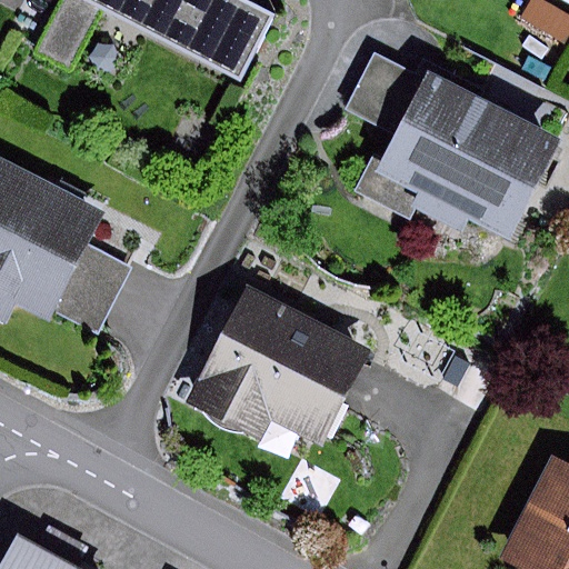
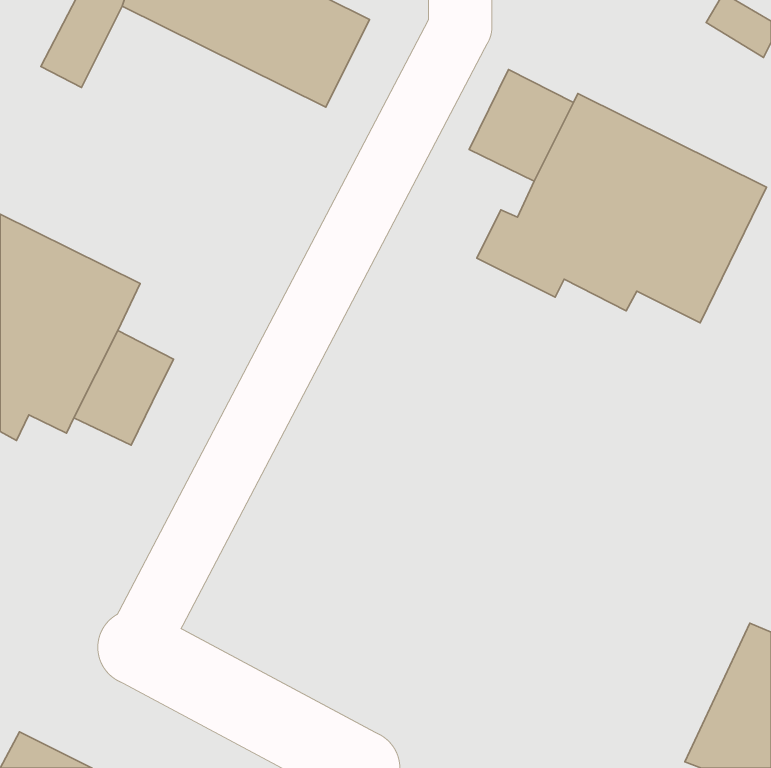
building: [186,284,373,447] -> none

